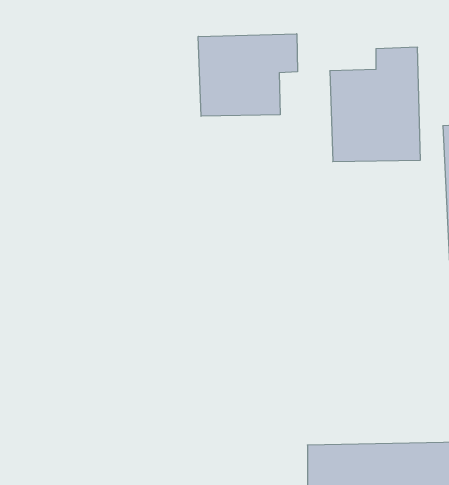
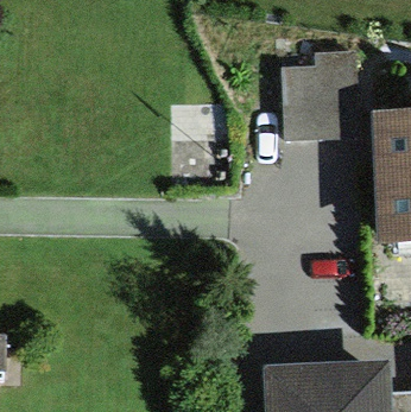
building: [198,34,297,116] -> none

